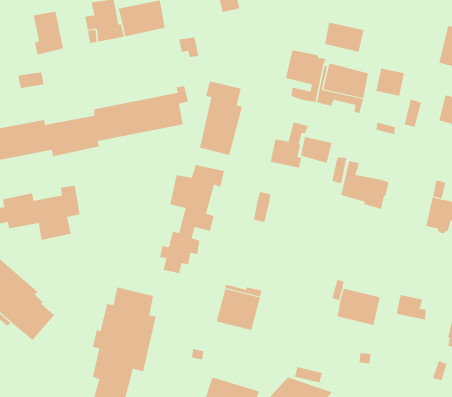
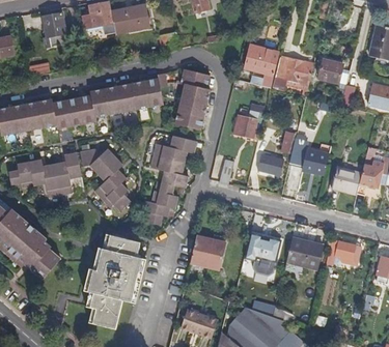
building: [325,22,364,52] -> none
building: [300,137,332,164] -> [257,152,283,174]
building: none -> [79,148,128,211]
building: none -> [332,166,361,193]
building: none -> [244,232,279,271]

